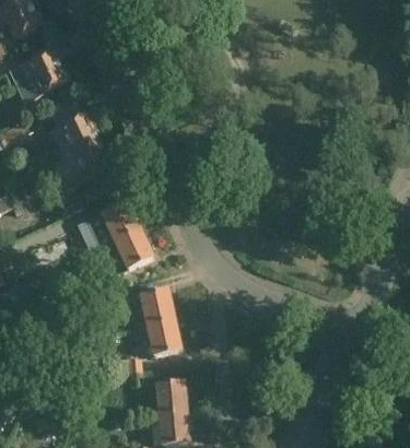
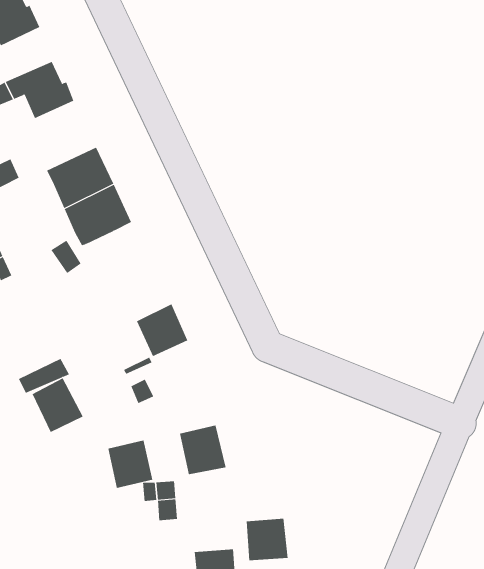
building: [85,201,140,248] -> none
building: none -> [32,377,83,433]
building: [140,290,174,326] -> [107,440,153,489]
building: [155,381,187,413] -> [246,518,289,561]

